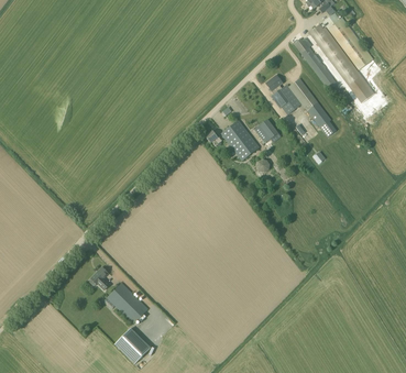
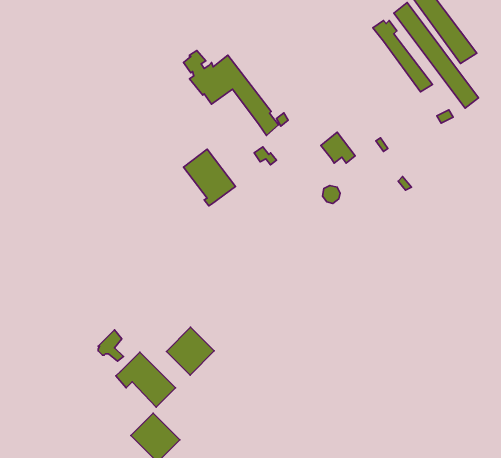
building: [266,74,337,136] -> [183,51,279,135]
building: [221,119,260,161] -> [183,149,235,206]
building: none -> [167,327,214,375]

